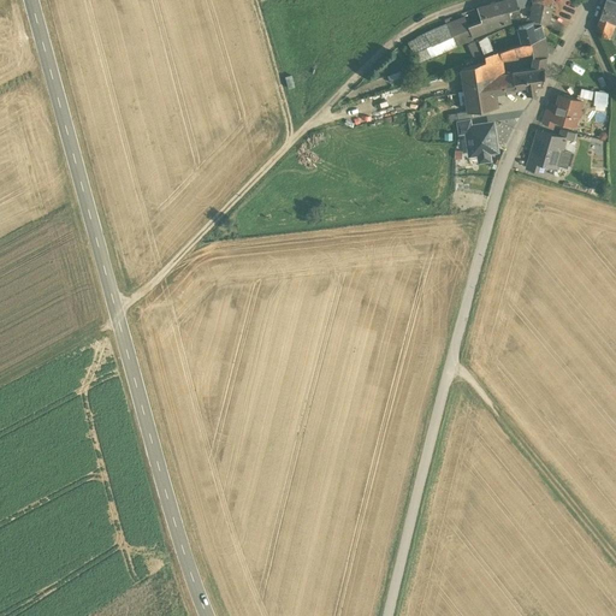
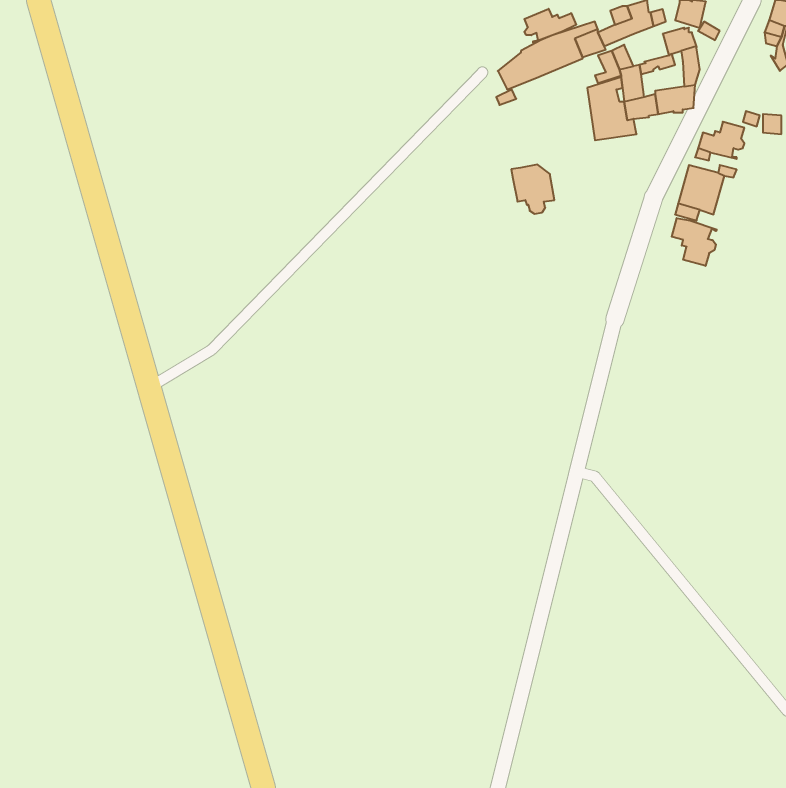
building: none -> [524,9,576,43]
building: [464,123,498,161] -> [511,165,554,214]
building: none -> [672,218,717,266]

